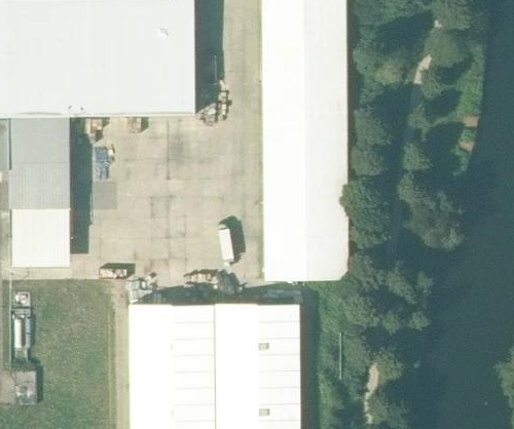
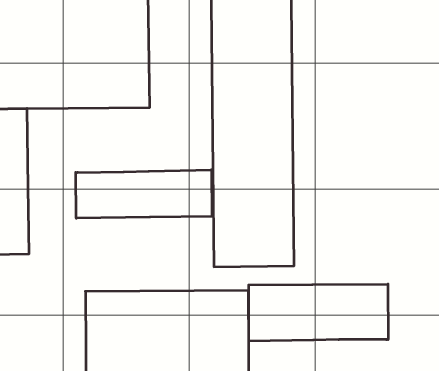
building: none -> [76,170,212,218]
building: none -> [249,284,388,341]

